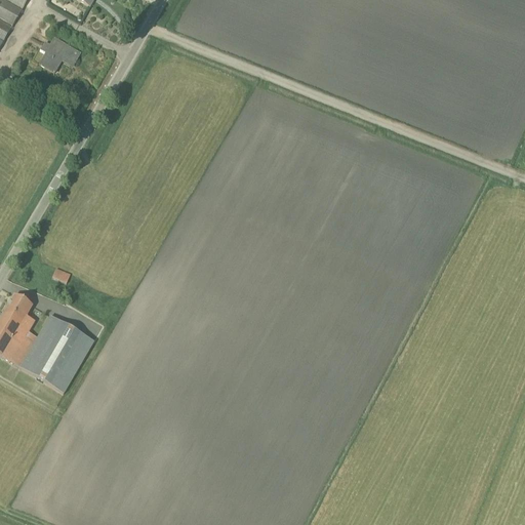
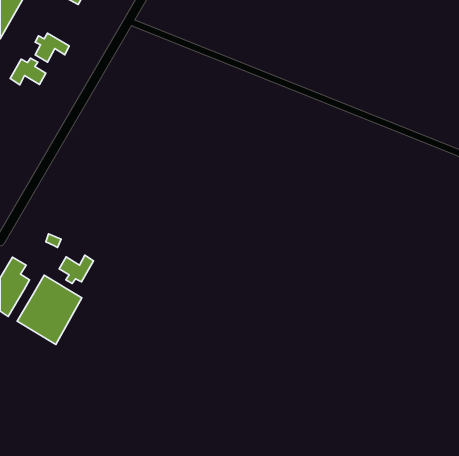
building: none -> [10,58,46,85]
building: none -> [59,255,93,284]

